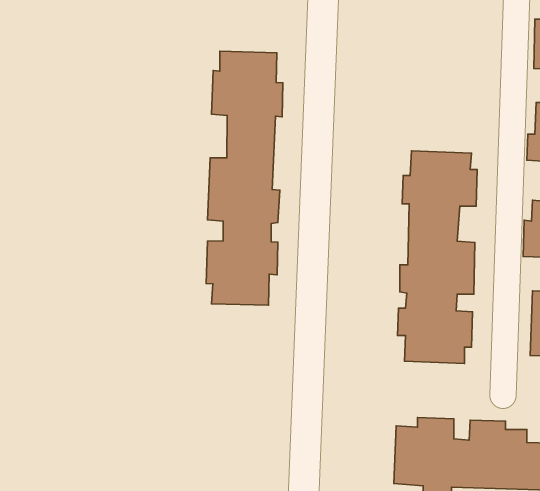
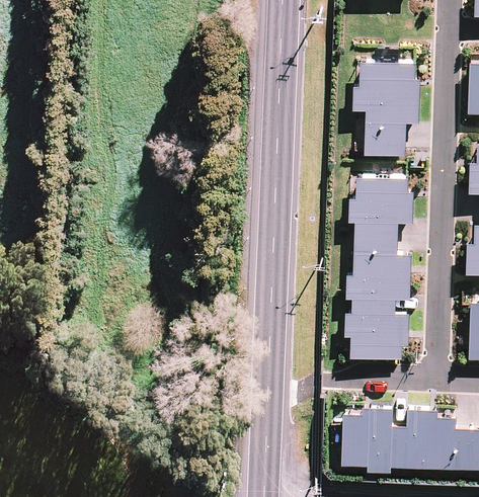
building: none -> [353,64,421,158]
building: [206,51,283,305] -> none

